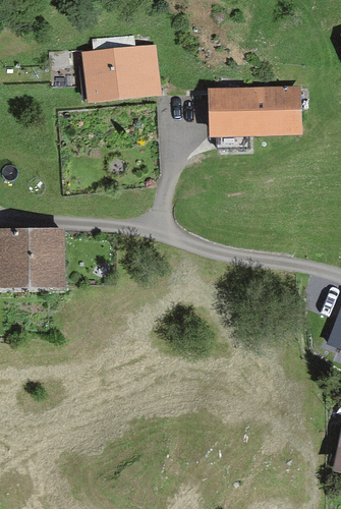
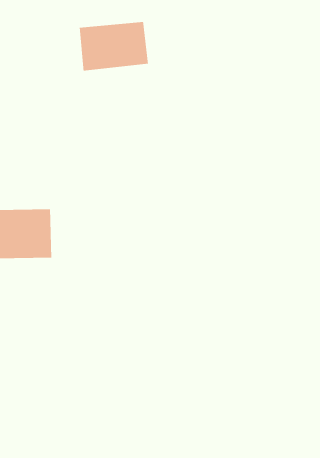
building: [214,91,296,131] -> none

